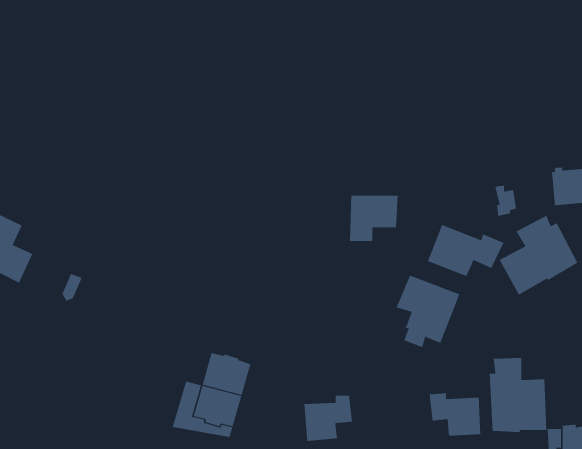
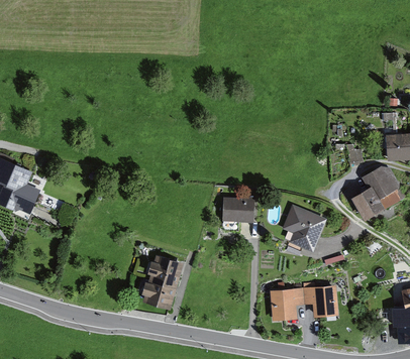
building: [349,195,398,241] -> [221,199,254,230]
building: [427,224,504,277] -> none
building: [489,357,547,433] -> none
building: [303,395,353,441] -> [273,286,306,318]

